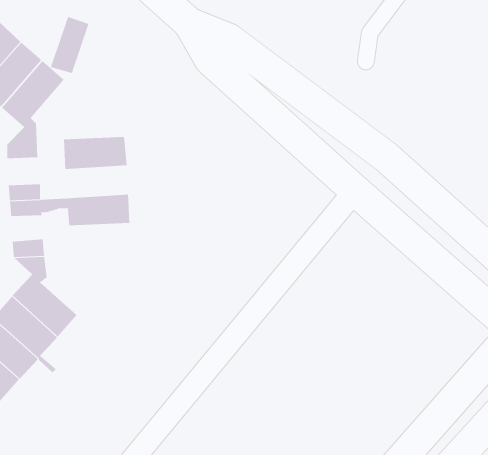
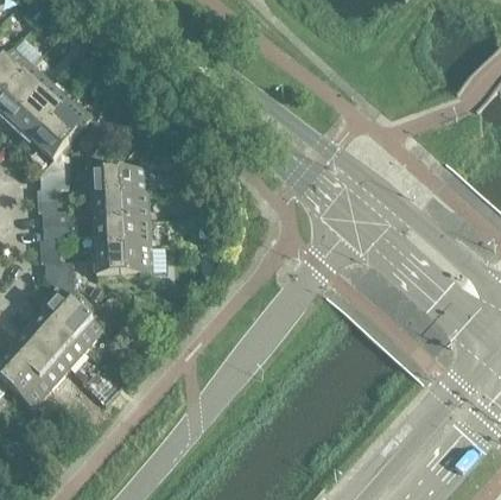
building: [50,16,89,74] -> none
building: none -> [91,194,150,223]
building: none -> [95,246,152,276]

